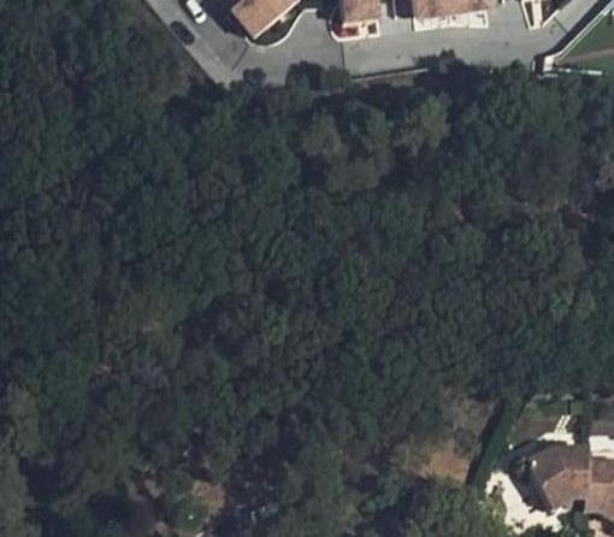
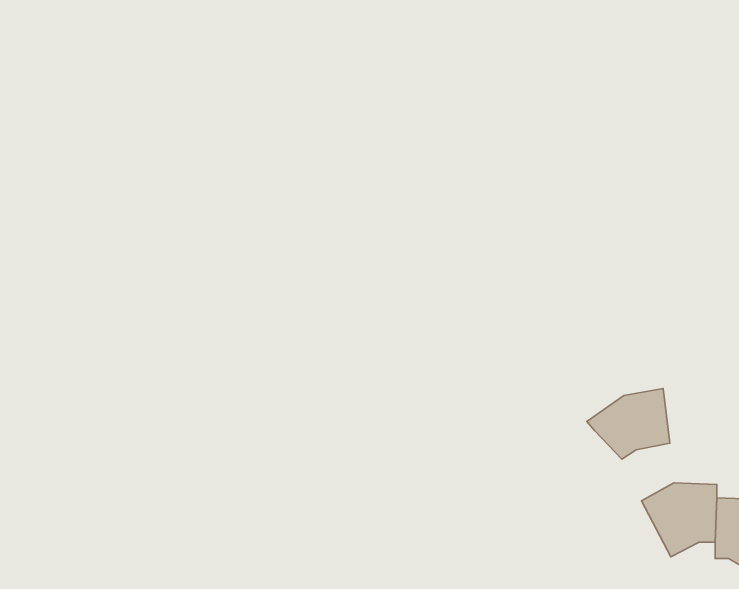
building: none -> [587,388,670,459]

